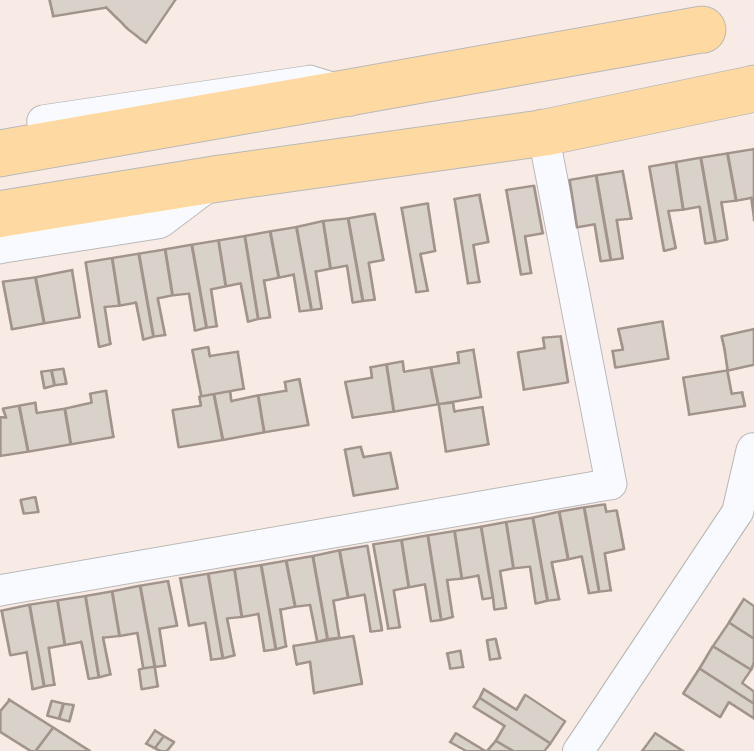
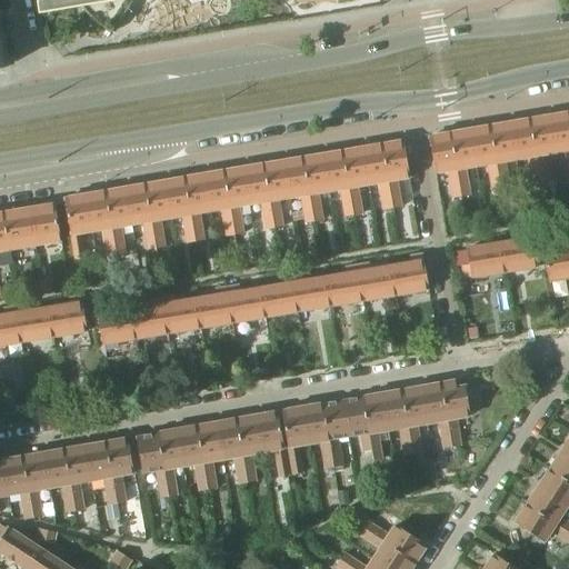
building: none -> [469,126,500,190]
building: none -> [361,143,392,208]
building: none -> [322,150,352,214]
building: none -> [282,157,313,221]
building: [192,347,244,396] -> [96,306,134,342]
building: [683,370,745,415] -> [499,237,546,270]
building: [438,403,489,451] -> [357,262,395,299]
building: [345,447,398,496] -> [226,283,266,320]
building: [294,636,362,693] -> none

